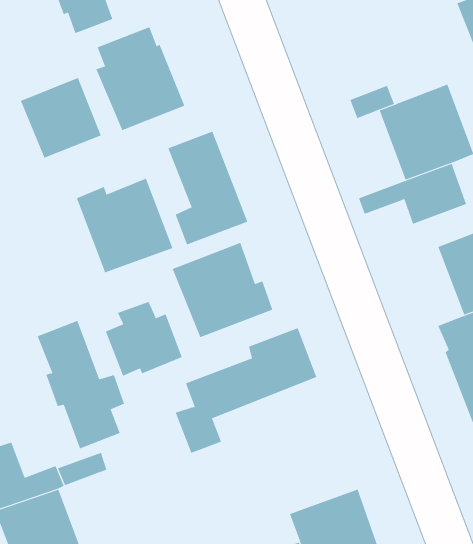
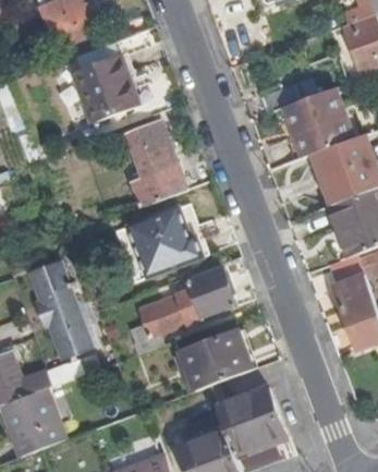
building: [20,77,101,158] -> none
building: [76,178,173,273] -> none
building: [105,301,182,376] -> none
building: none -> [182,331,251,389]

